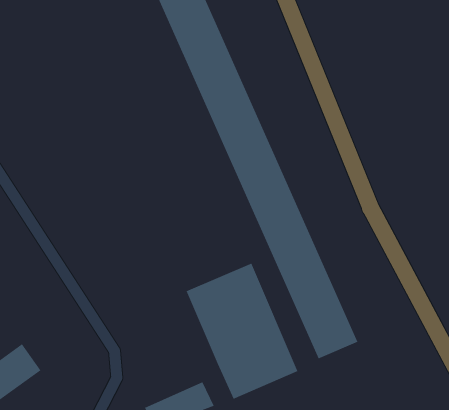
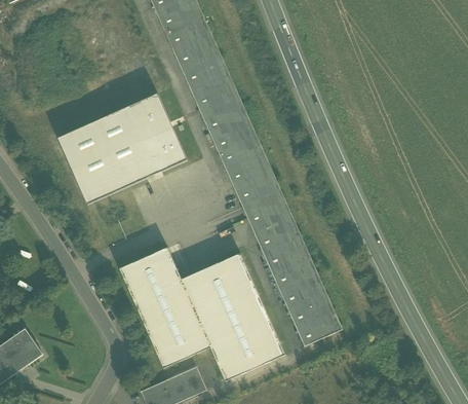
building: none -> [59,94,185,199]
building: none -> [118,247,207,368]

